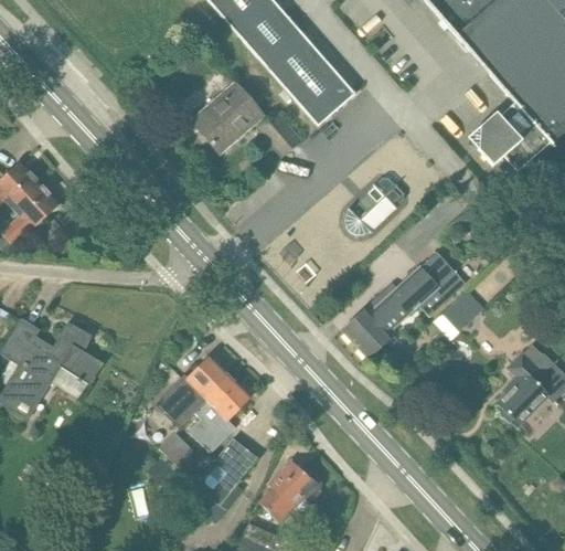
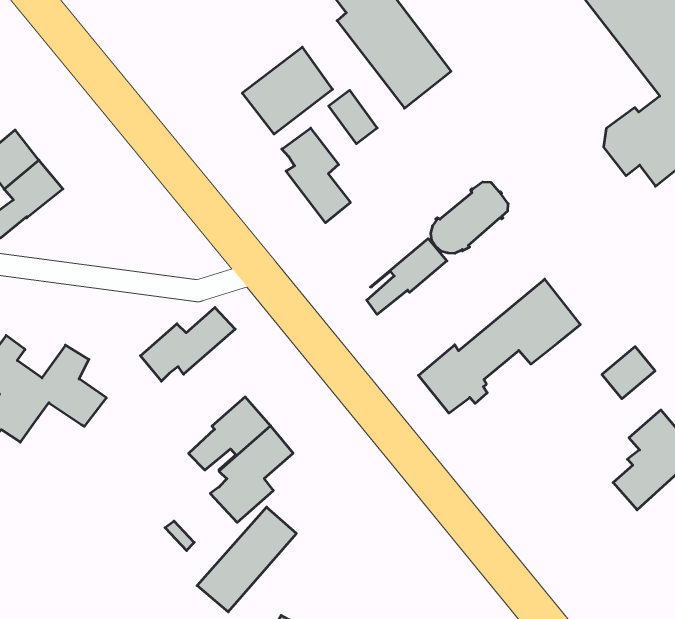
building: none -> [282,128,350,223]
building: none -> [367,239,447,314]
building: none -> [140,307,235,381]
building: [443,290,483,331] -> [602,347,655,399]
building: [161,431,195,470] -> none
building: [259,459,321,515] -> none

